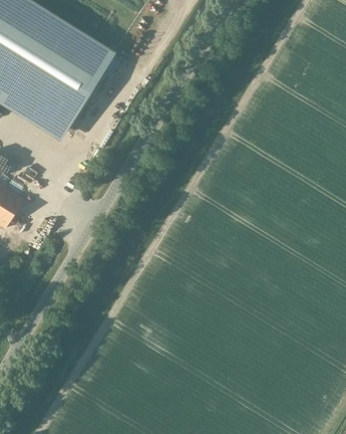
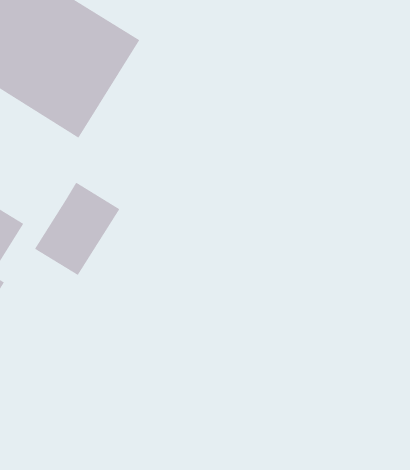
building: none -> [34,182,120,276]

